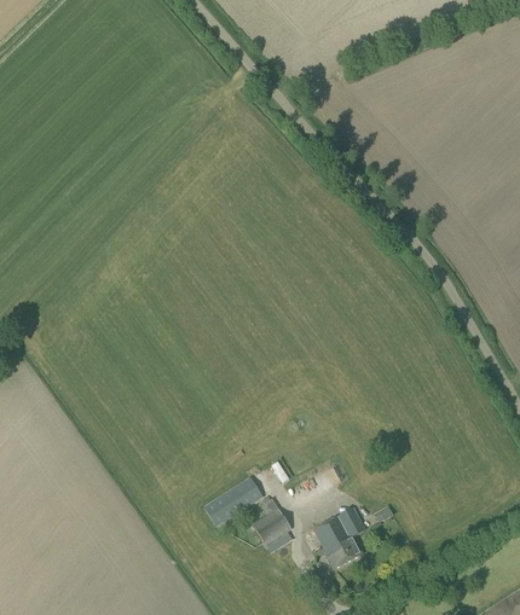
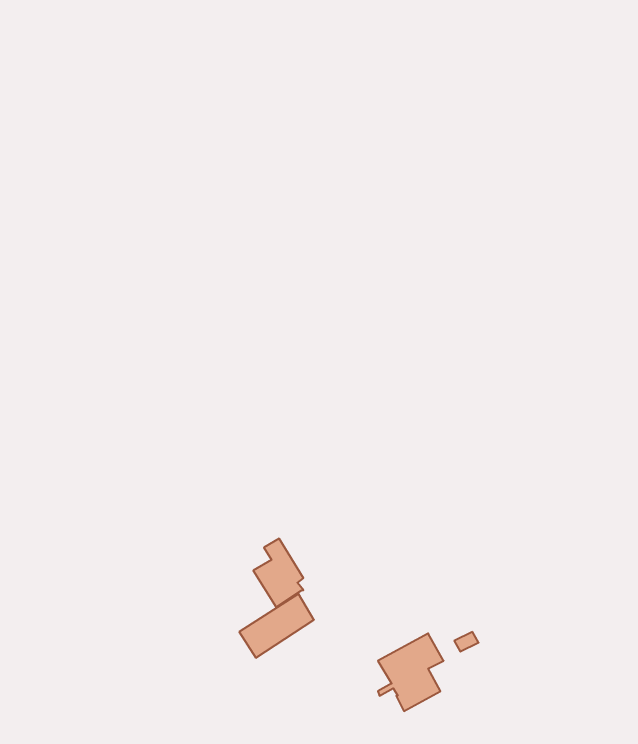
building: [252,498,291,552] -> [253,539,303,607]

